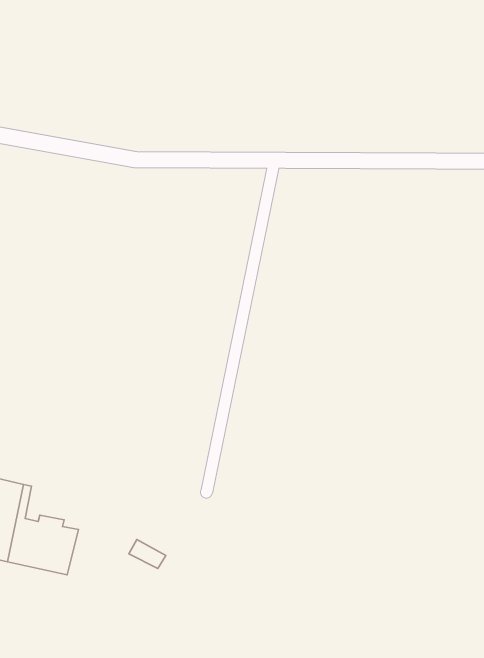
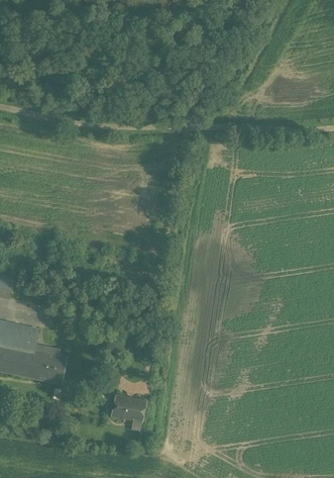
building: none -> [112,396,145,421]

